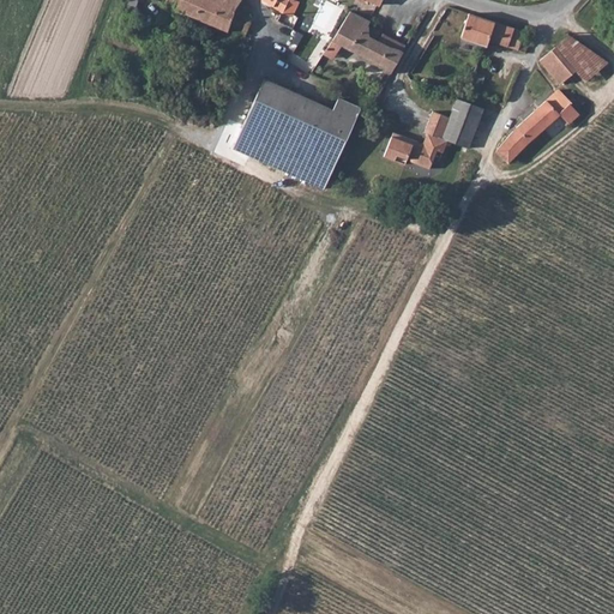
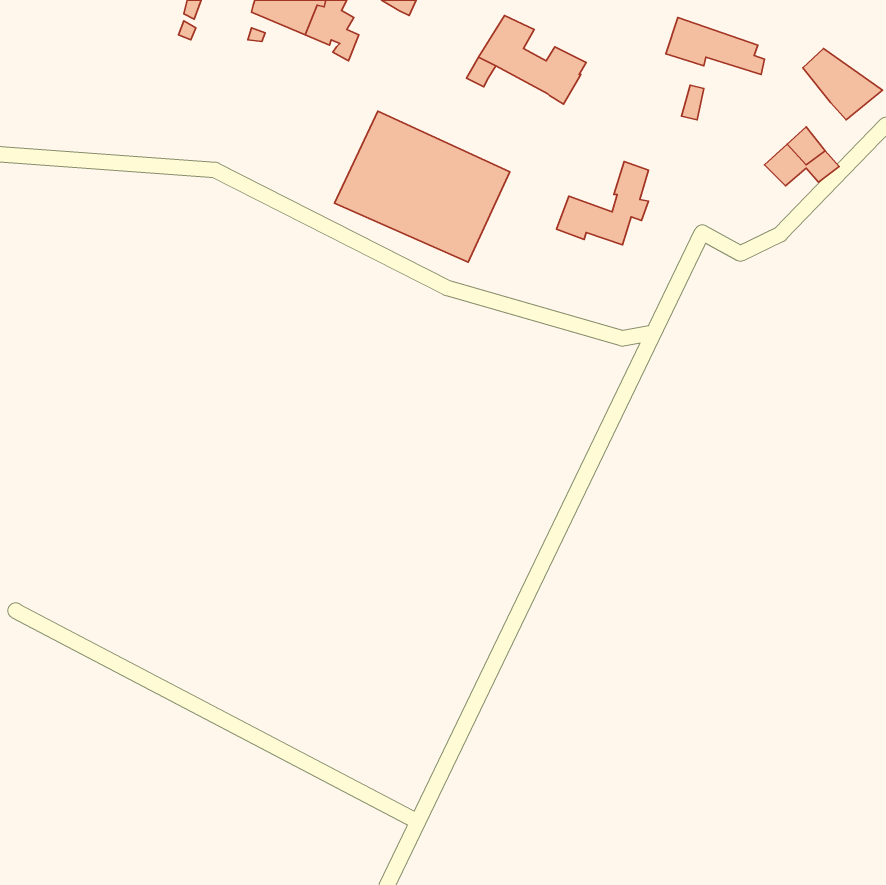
building: [540,48,574,86] -> none
building: [443,98,483,149] -> none
building: [495,115,543,164] -> none

